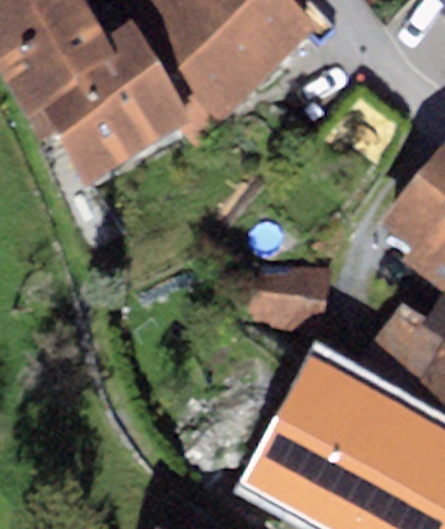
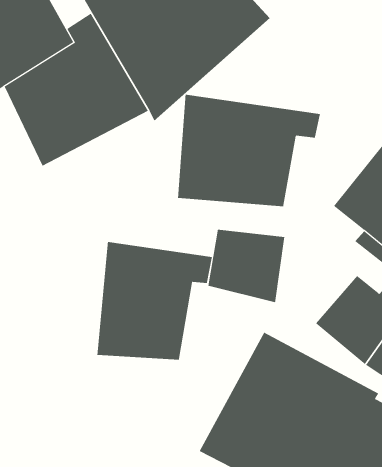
building: none -> [177,94,320,207]
building: none -> [97,241,212,360]

